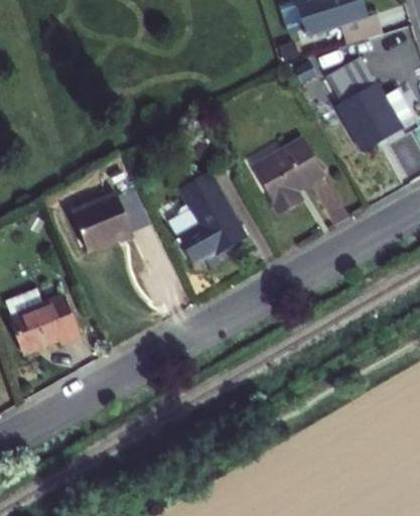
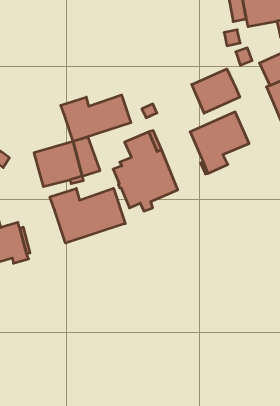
building: none -> [192,69,240,113]
building: none -> [61,95,131,142]
building: none -> [50,188,125,243]

